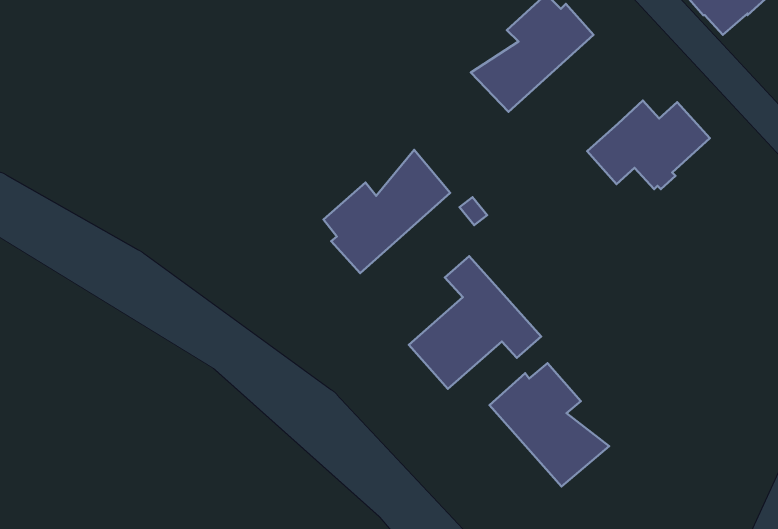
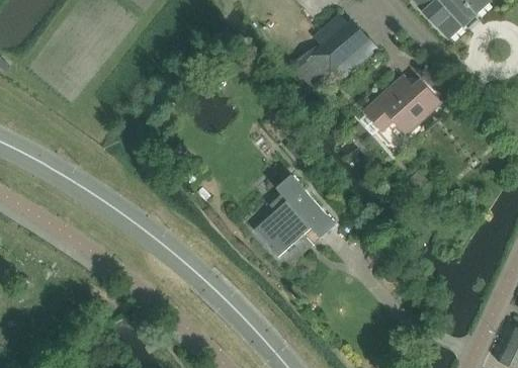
building: [323,150,450,273] -> none
building: [490,363,609,486] -> none

